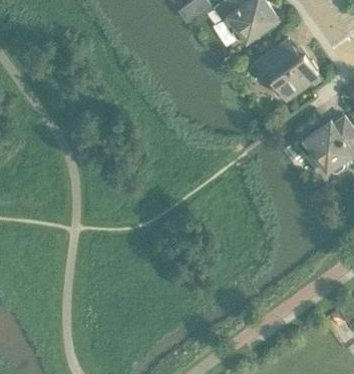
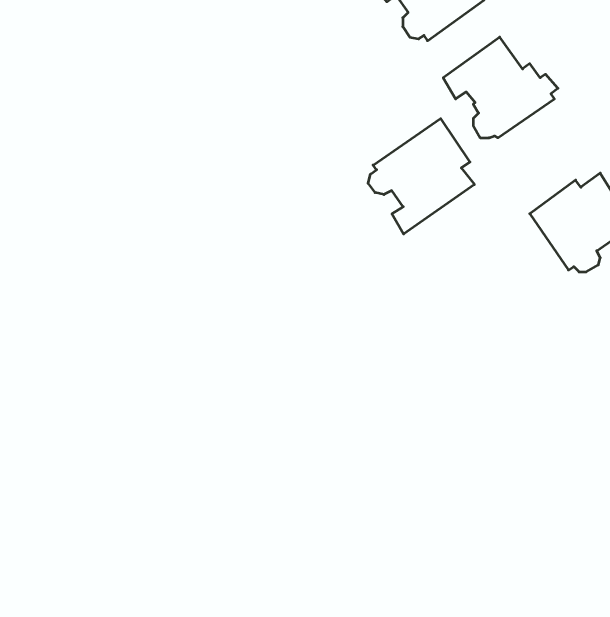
building: none -> [368,119,474,234]

